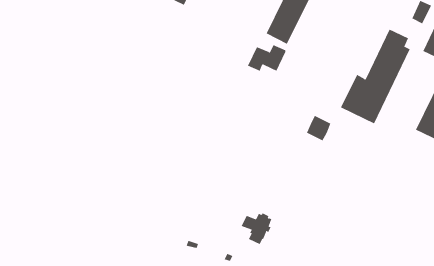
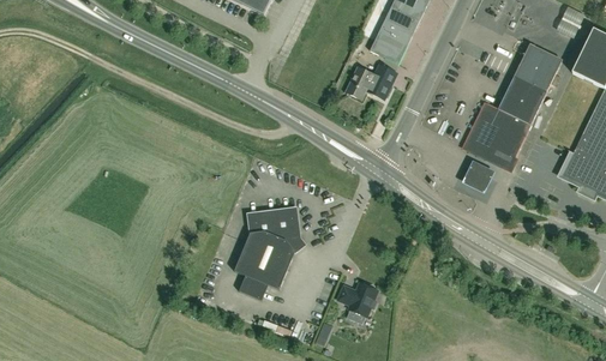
building: [306,115,331,141] -> [463,161,496,194]
building: none -> [235,205,305,299]

